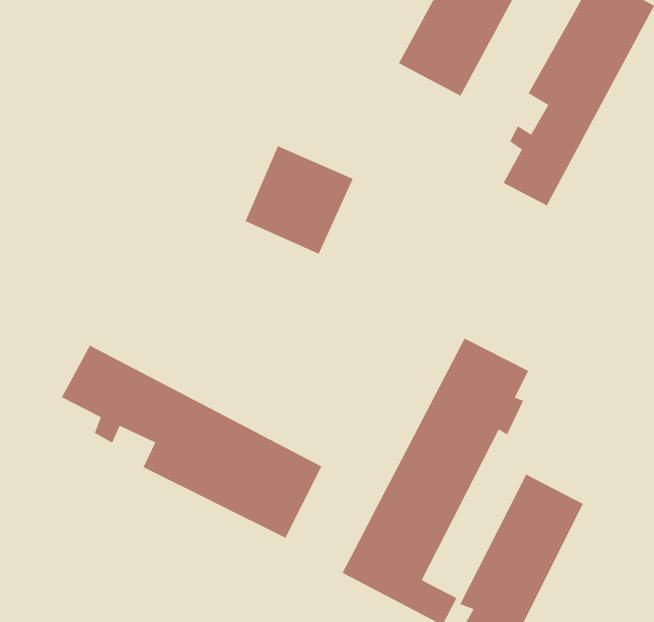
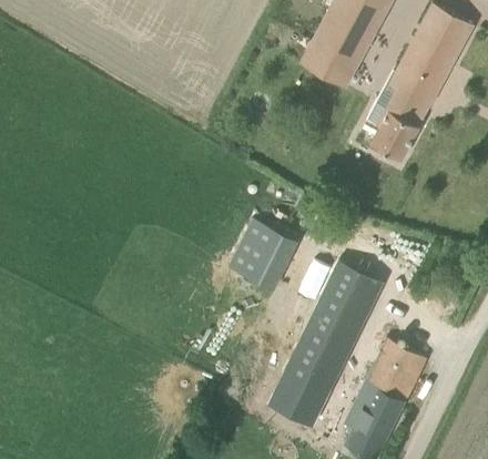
building: [244,145,354,255] -> [230,217,303,290]
building: [61,345,323,539] -> none

